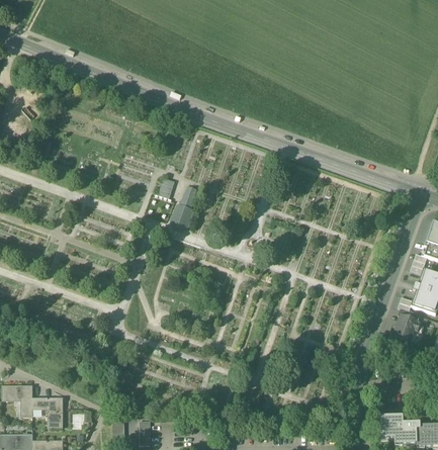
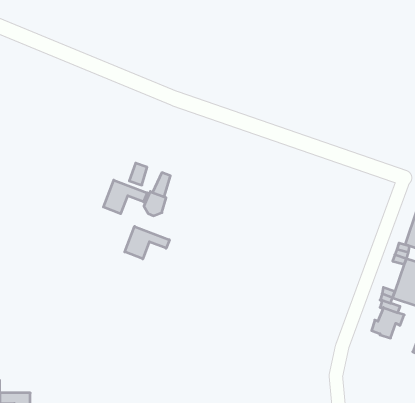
building: none -> [103,180,147,214]
building: none -> [125,226,169,259]

